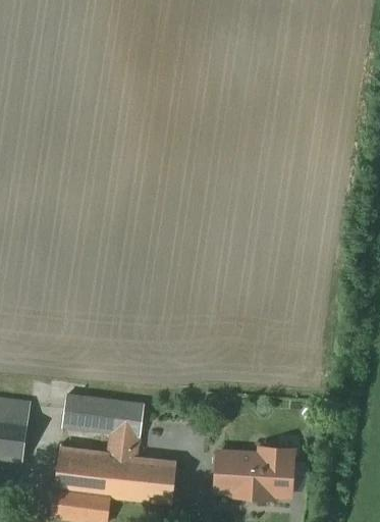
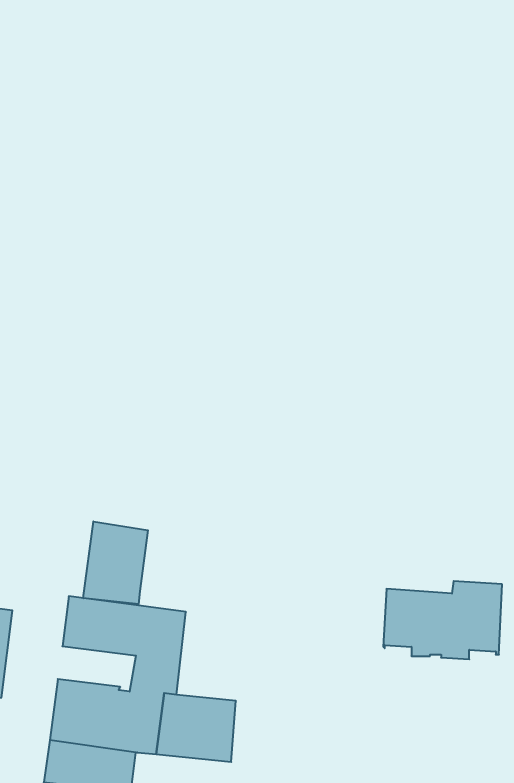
building: none -> [83,521,148,604]
building: [216,447,293,498] -> [383,581,502,659]

